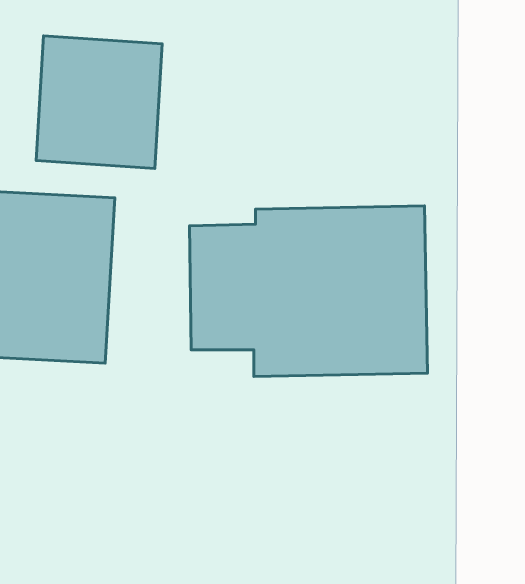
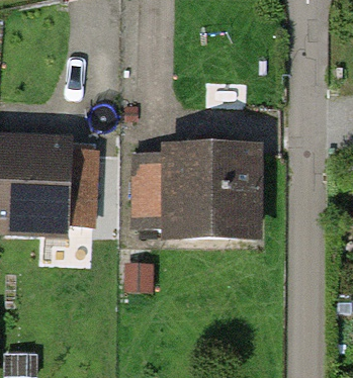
building: [36,36,162,168] -> none

